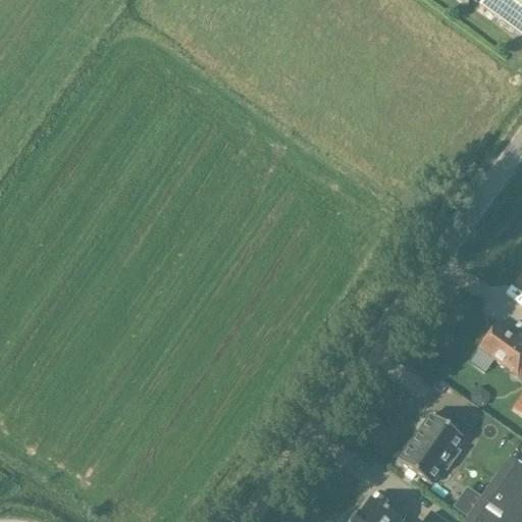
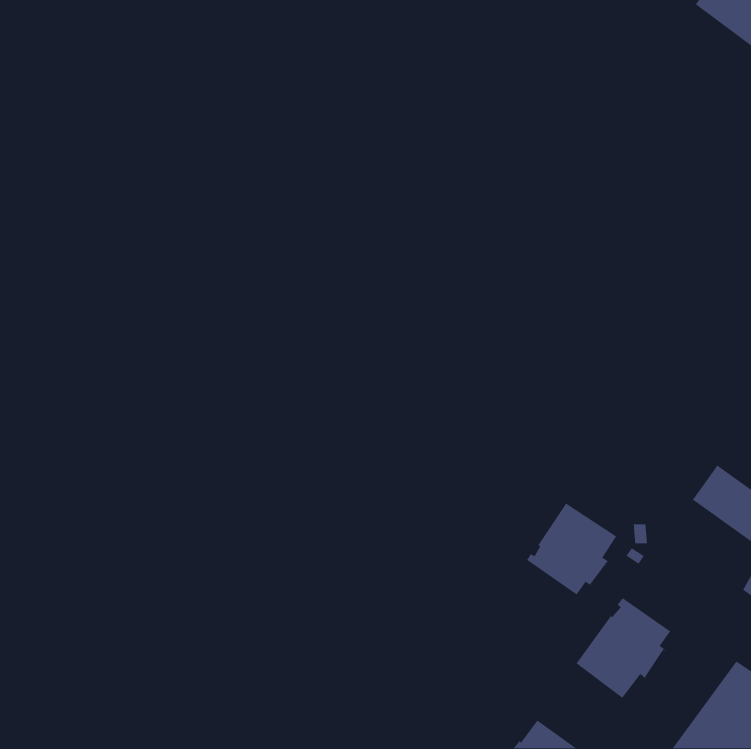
building: none -> [526,502,617,596]

